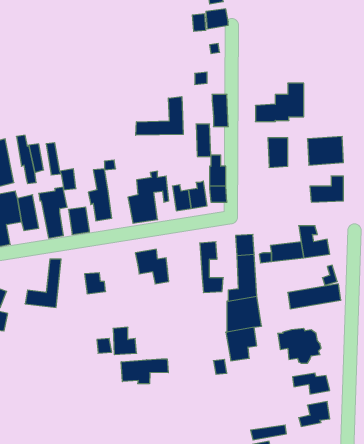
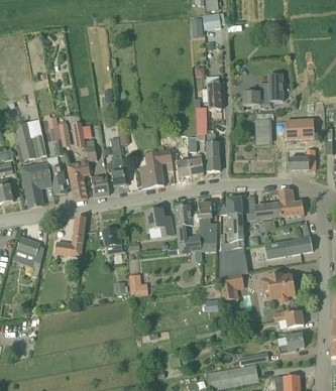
building: [136,97,183,135] -> none
building: none -> [175,205,192,241]
building: [121,359,168,384] -> none

